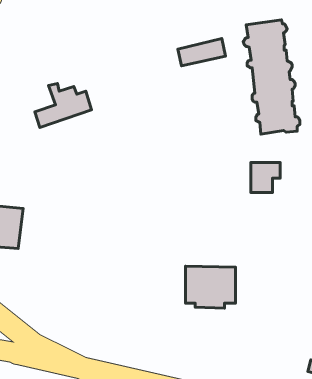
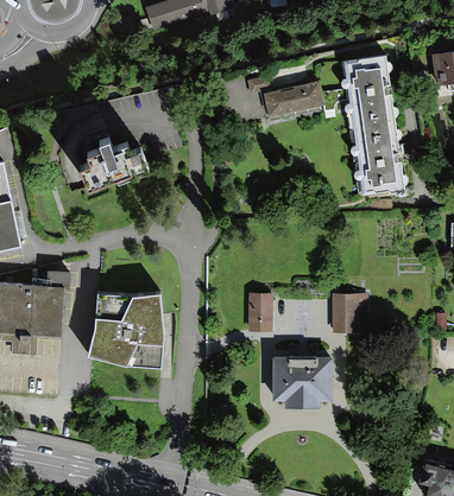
building: [251,162,280,193] -> [330,294,366,331]
building: none -> [86,293,165,370]
building: none -> [245,294,271,332]

